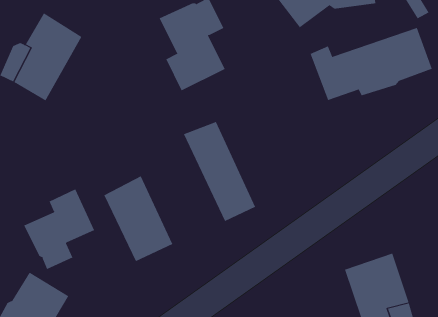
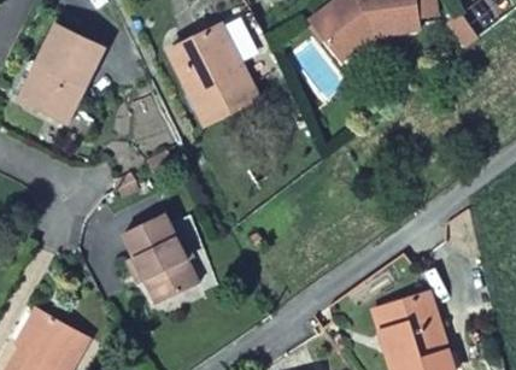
building: [310,27,433,101] -> none
building: [183,121,256,222] -> none
building: [24,189,95,270] -> none

